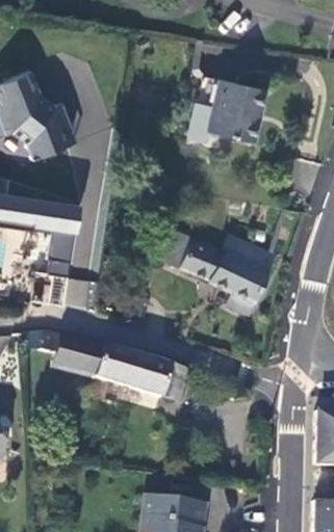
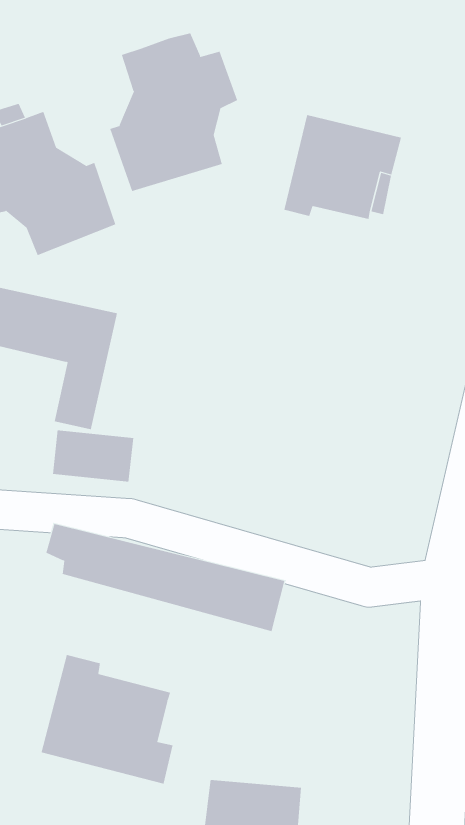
building: none -> [109,33,238,192]
building: [174,235,272,297] -> none
building: none -> [41,654,173,785]

